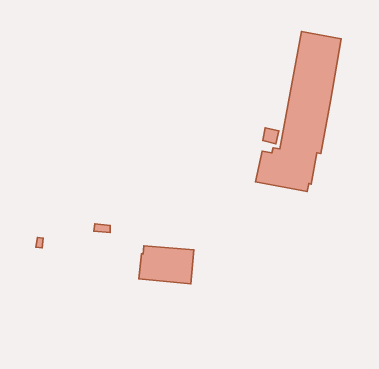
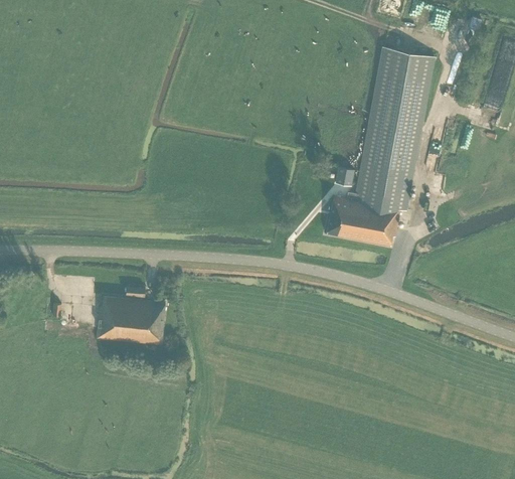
building: [139,246,194,284] -> [96,297,164,344]

